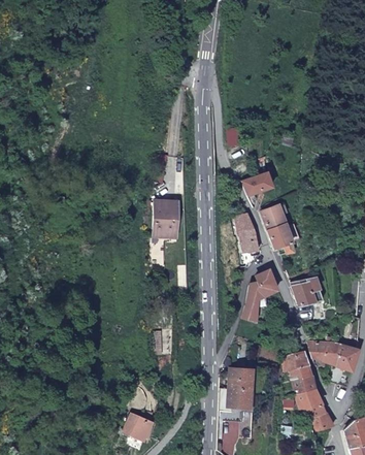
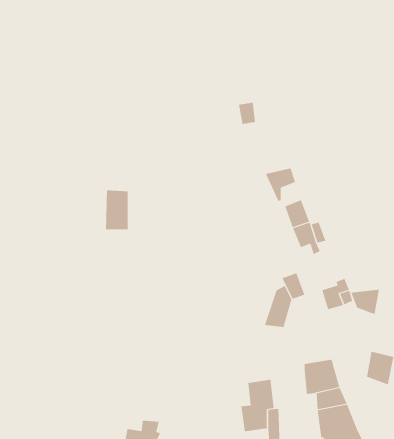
building: [152,205,172,240] -> [105,190,129,230]
building: [234,218,263,254] -> none
building: [313,340,339,363] -> [350,289,380,315]

